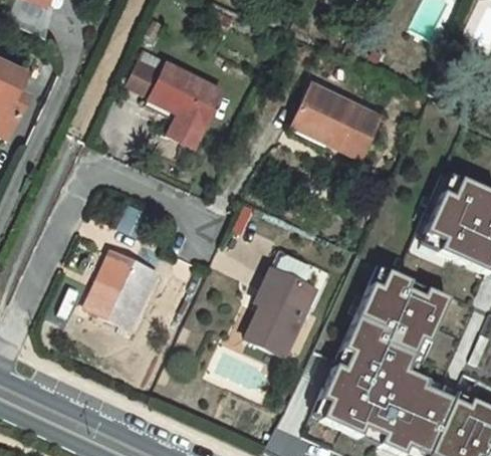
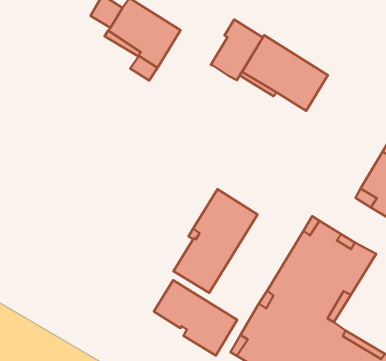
building: none -> [211,19,263,80]
building: [85,250,157,328] -> none
building: none -> [154,280,237,356]

